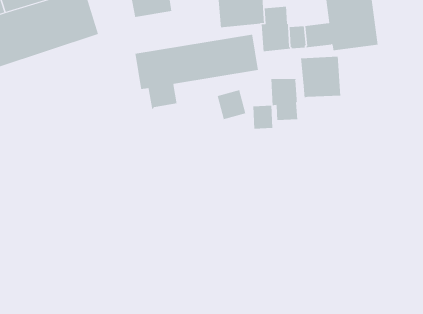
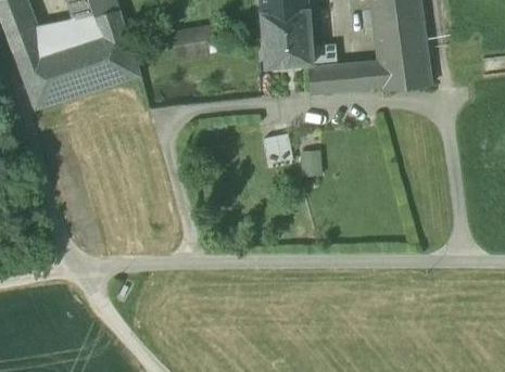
building: [135,34,259,109] -> none
building: [301,56,341,98] -> none
building: [271,78,298,121] -> none

